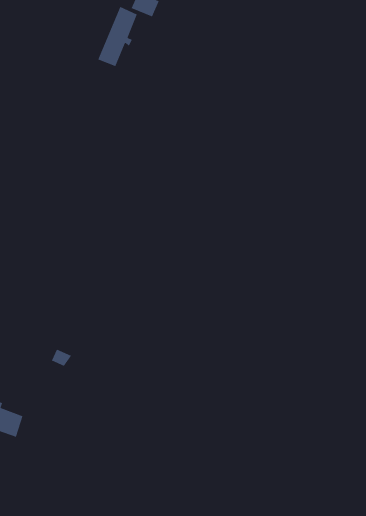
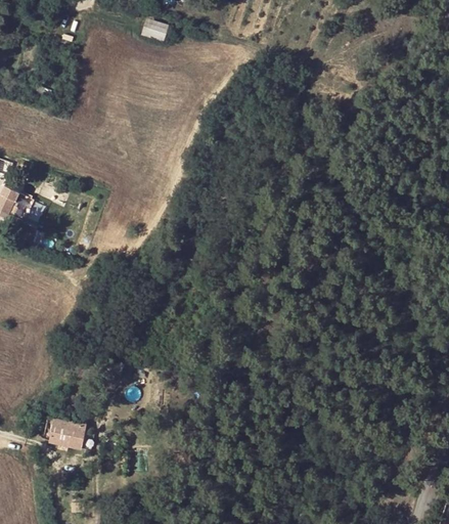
building: [97,6,138,67] -> none

